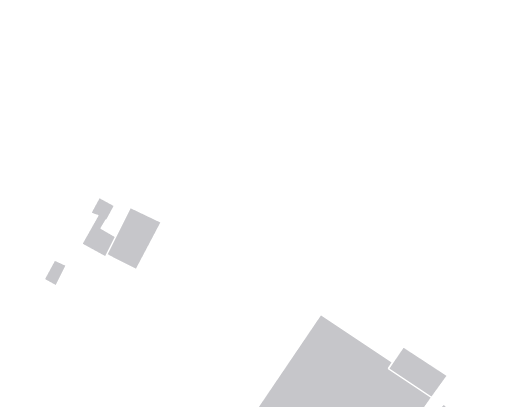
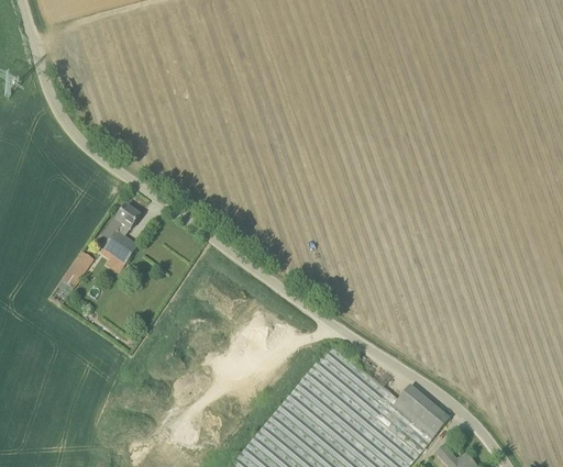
building: [107,208,161,270] -> none

